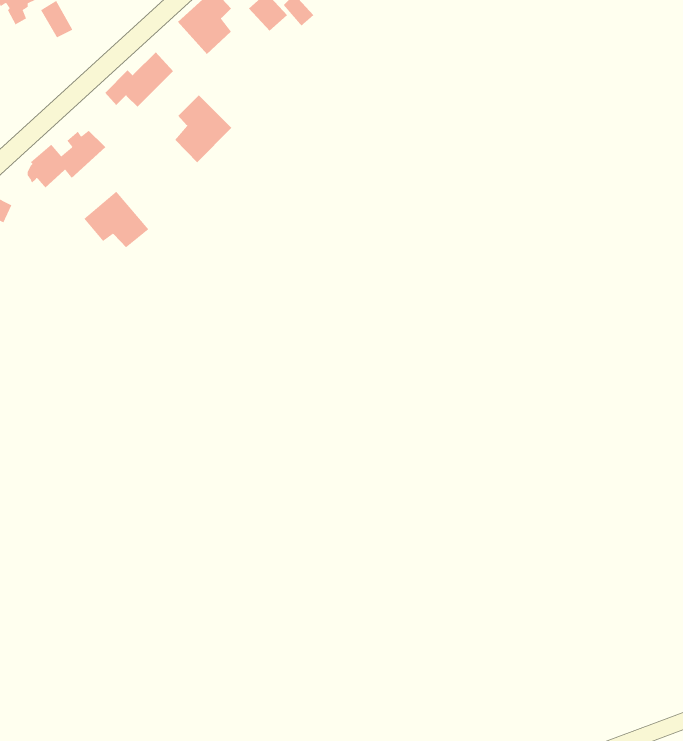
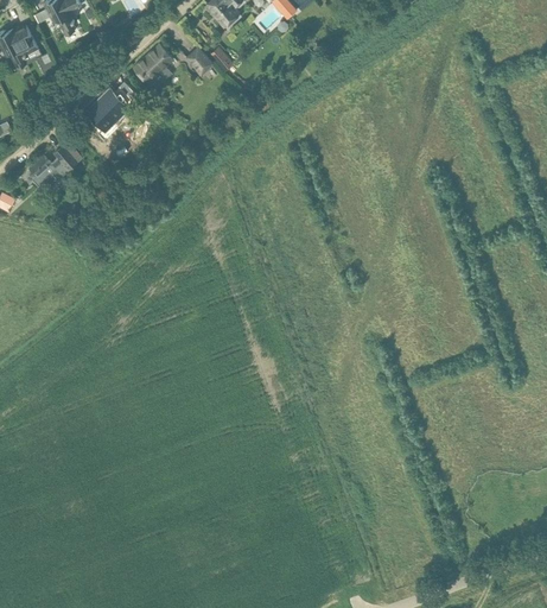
building: [175,95,232,163] -> none
building: [84,191,149,248] -> none

